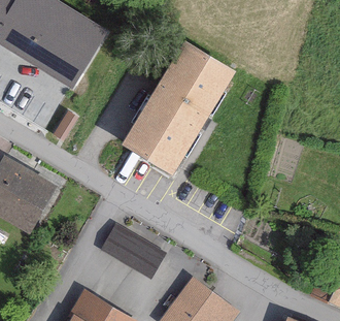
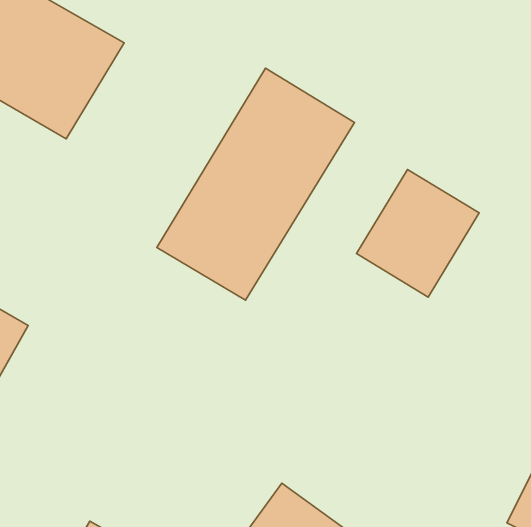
building: none -> [356,169,479,297]
building: [102,222,168,274] -> none

